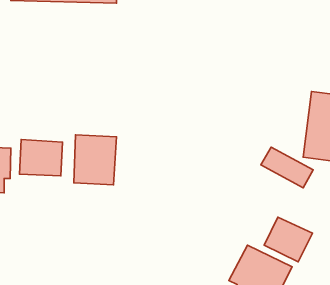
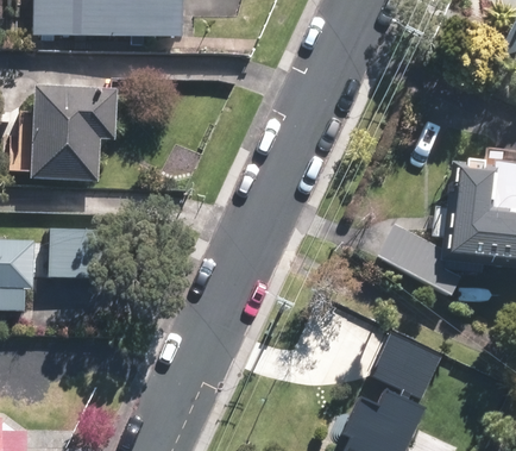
building: none -> [34,89,119,177]
building: [74,135,116,185] -> none

